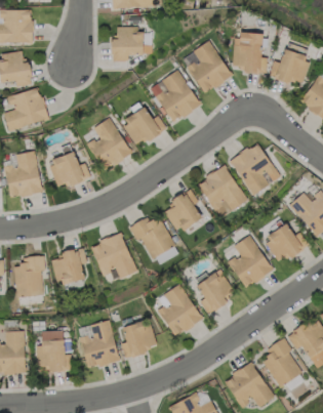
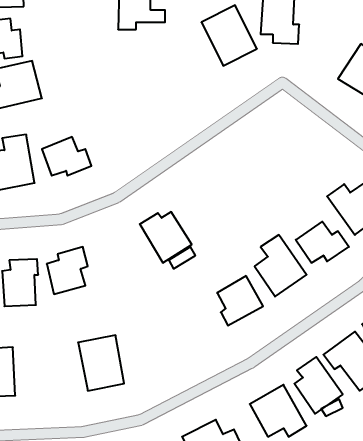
building: [269,50,311,86] -> none
building: [151,70,200,122] -> none
building: [122,107,167,143] -> none
building: [87,118,132,170] -> none
building: [229,142,281,196] -> none
building: [197,165,248,218] -> none
building: [164,189,202,233] -> none
building: [91,232,136,279] -> none
building: [158,284,202,336] -> none
building: [120,320,158,358] -> none
building: [37,330,72,371] -> none

